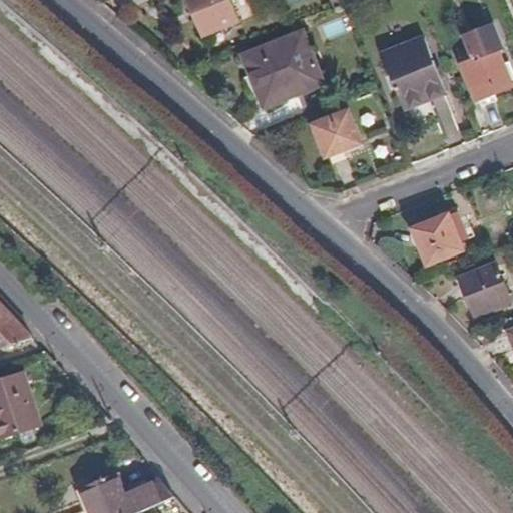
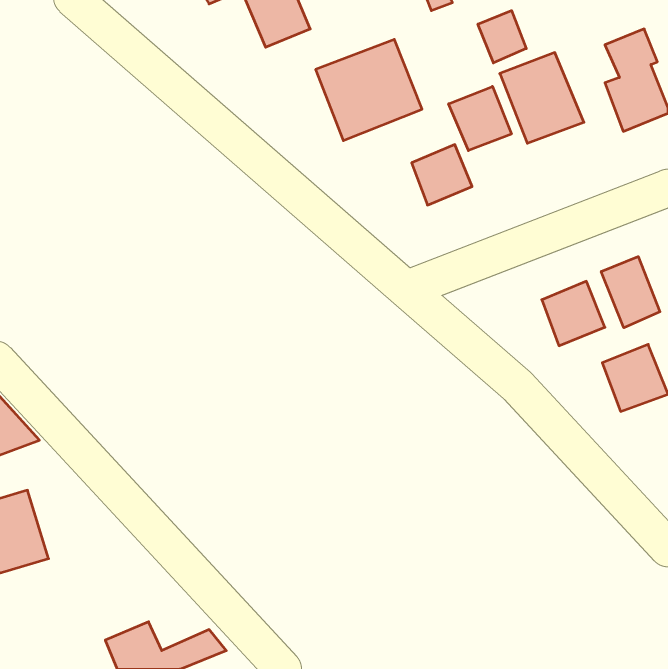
building: none -> [478,11,526,63]
building: none -> [449,86,511,151]
building: none -> [601,257,660,328]

